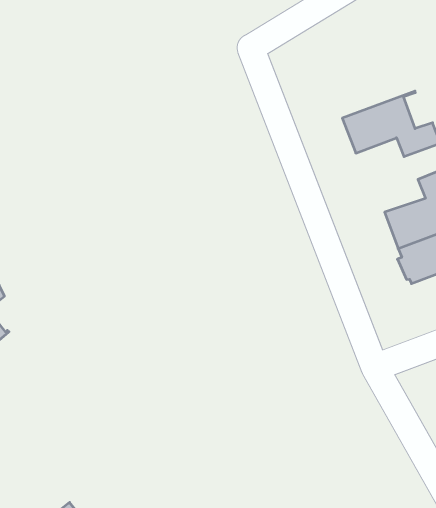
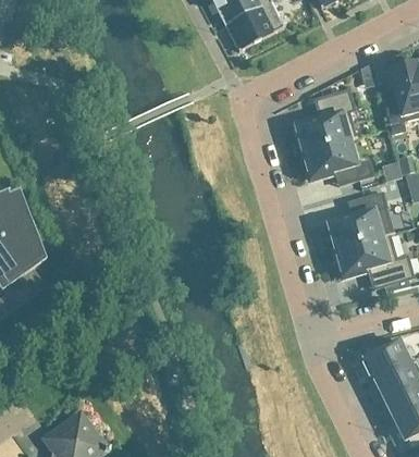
building: none -> [294,87,357,149]

